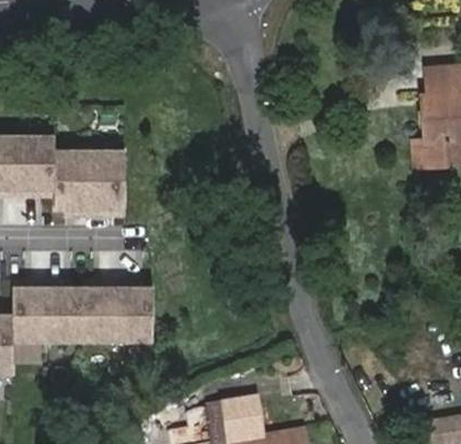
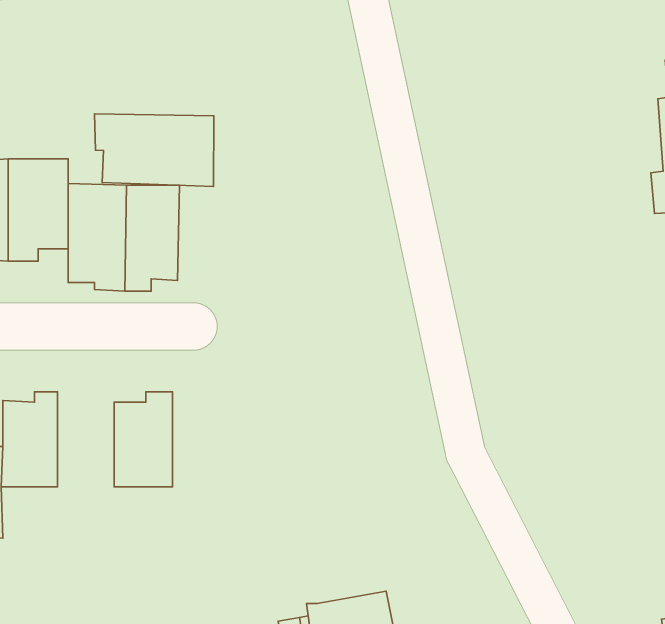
building: none -> [95,114,214,186]
building: [48,279,83,339] -> none
building: [119,279,151,339] -> none

